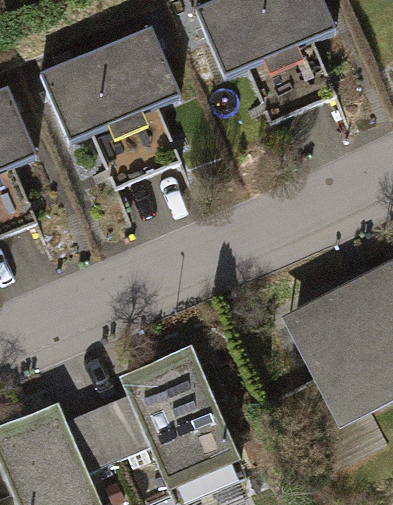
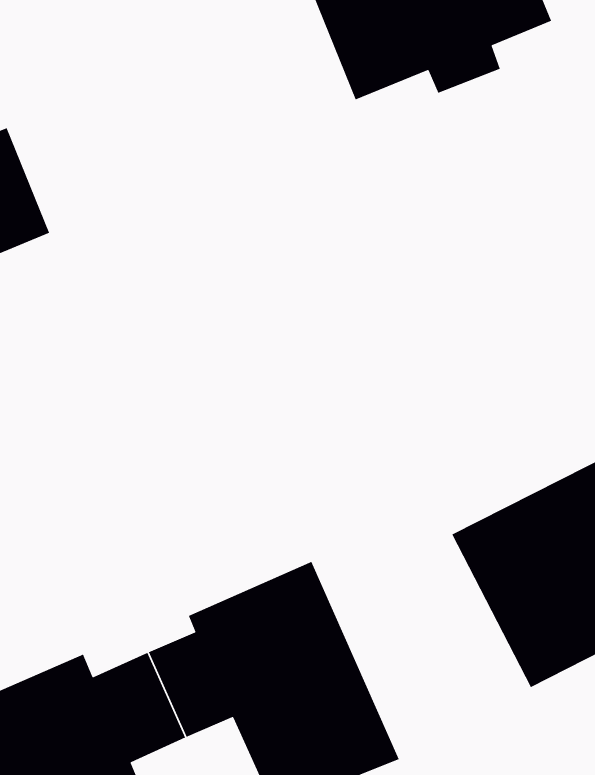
building: [37,32,182,144] -> none

